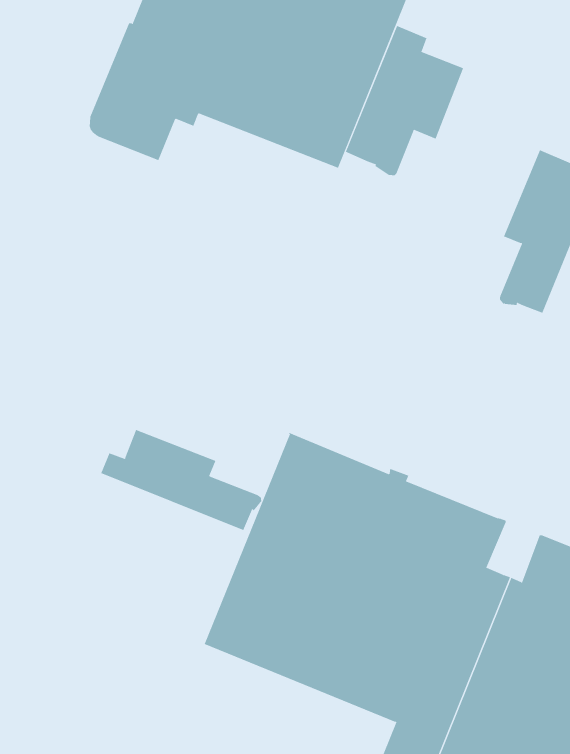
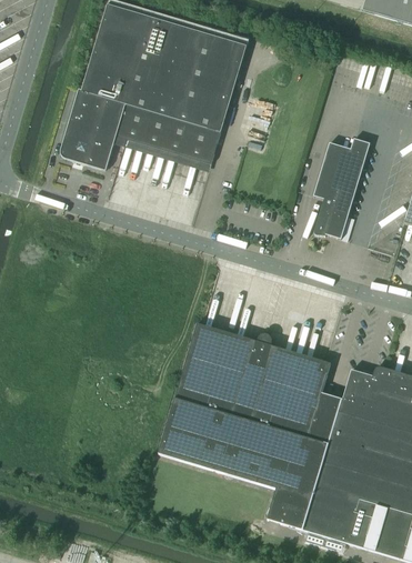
building: [345,25,464,176] -> none
building: [100,429,262,531] -> none

